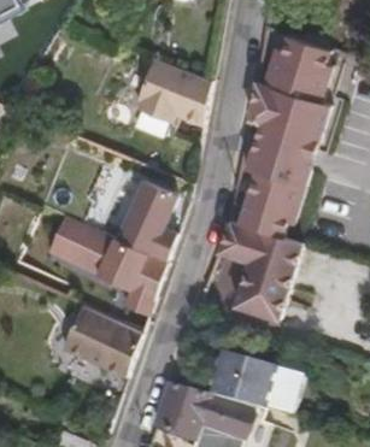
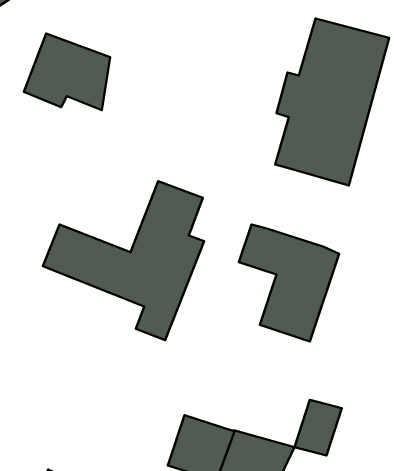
building: [133,60,207,127] -> [24,33,110,110]
building: [237,166,309,235] -> none
building: [53,306,139,395] -> none
building: [207,352,275,408] -> none

